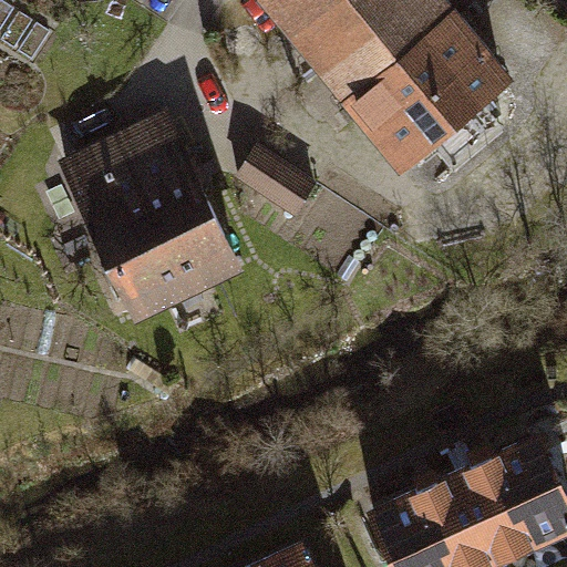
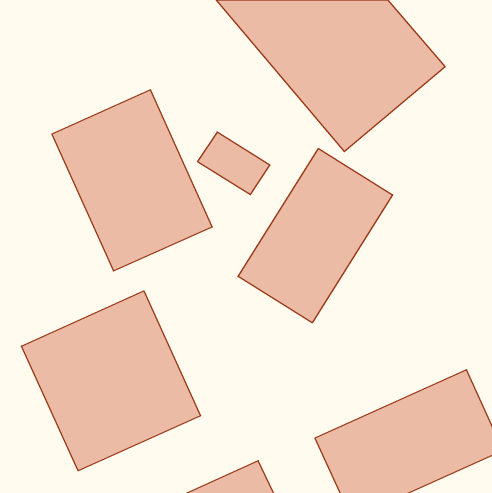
building: none -> [238,149,393,323]
building: none -> [21,291,201,471]

